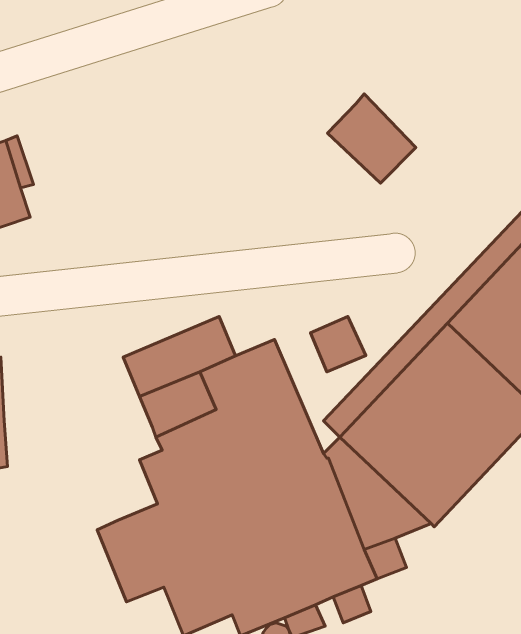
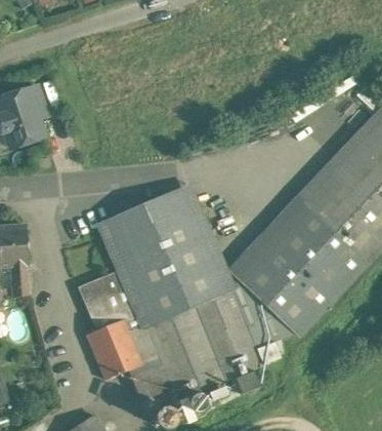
building: [327,94,416,183] -> none
building: [310,317,366,372] -> [164,191,199,226]
building: none -> [82,271,128,329]

